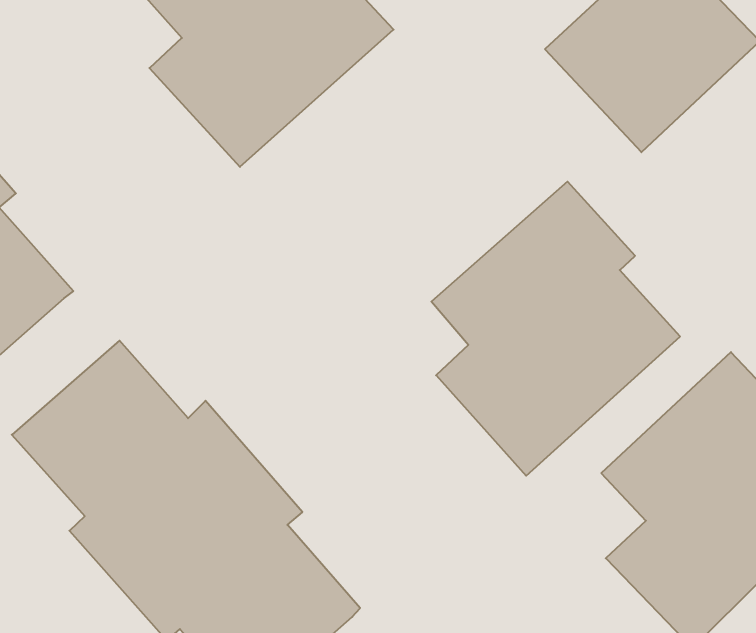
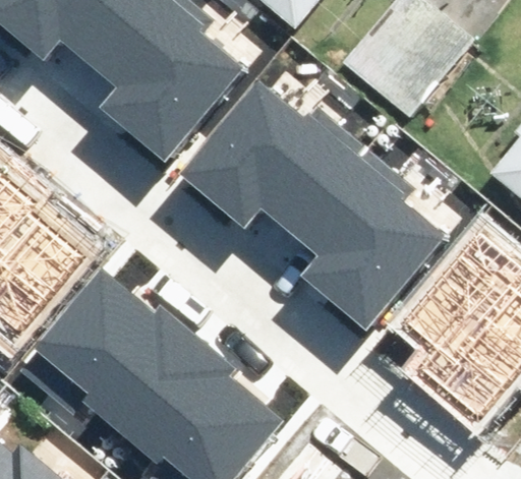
building: none -> [183,79,364,230]

